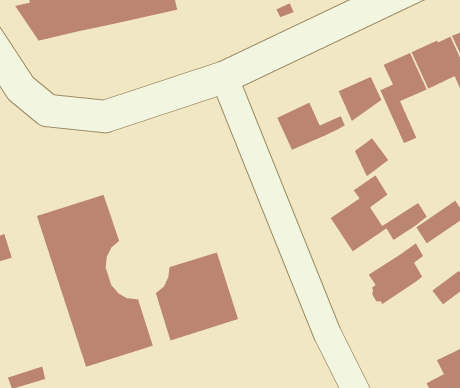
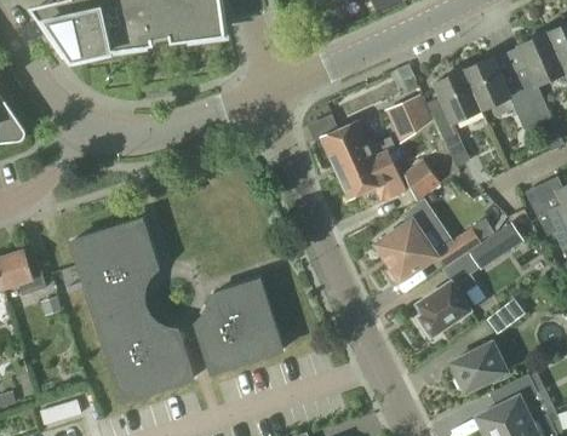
building: none -> [337,151,406,205]
building: none -> [451,344,505,392]

